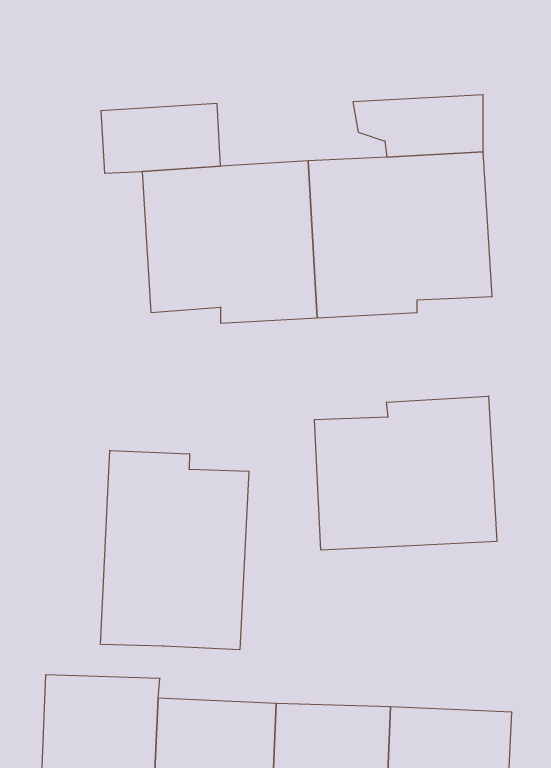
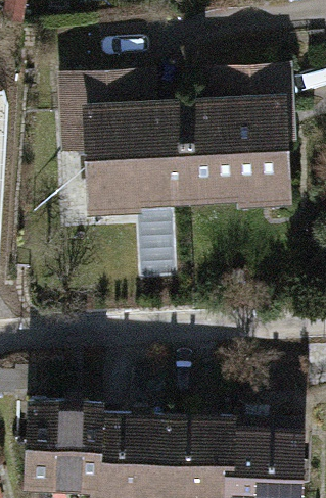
building: [314,396,497,550] -> none
building: [101,450,249,650] -> none

